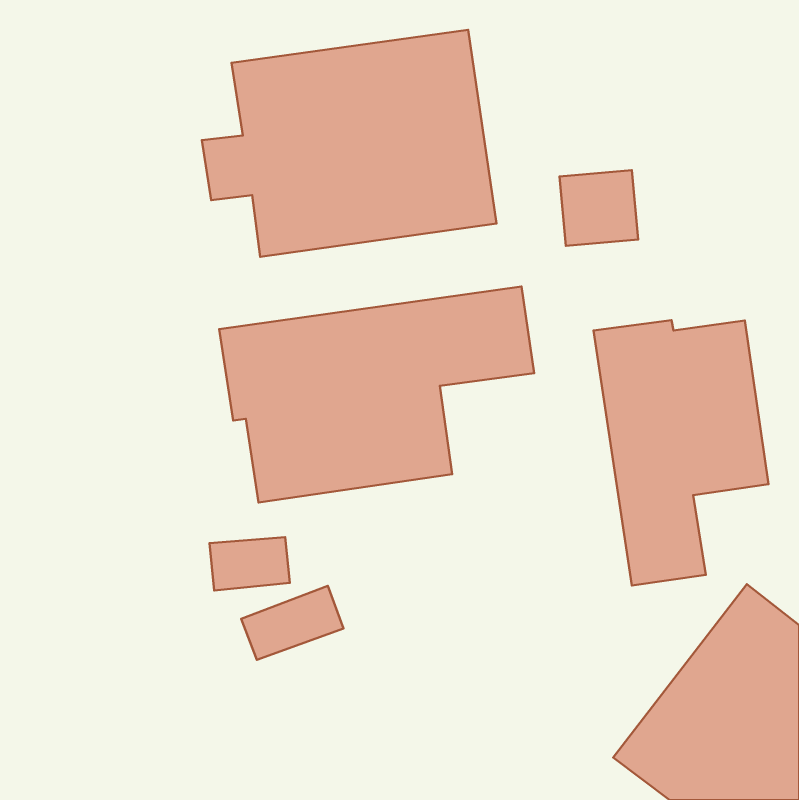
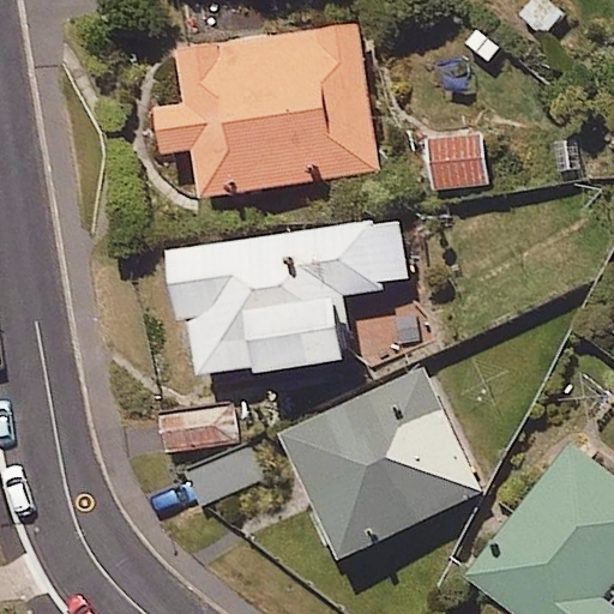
building: [593,320,768,586] -> none
building: none -> [278,368,480,559]

